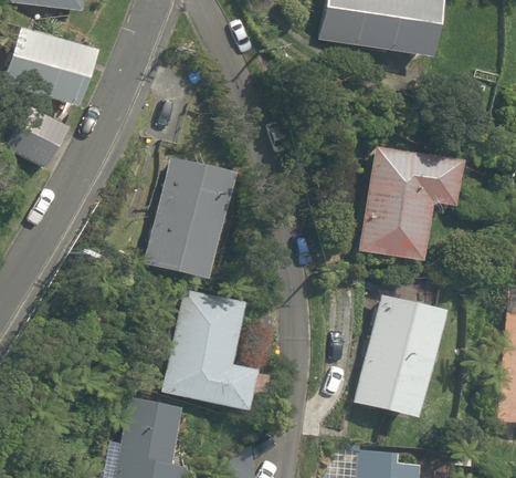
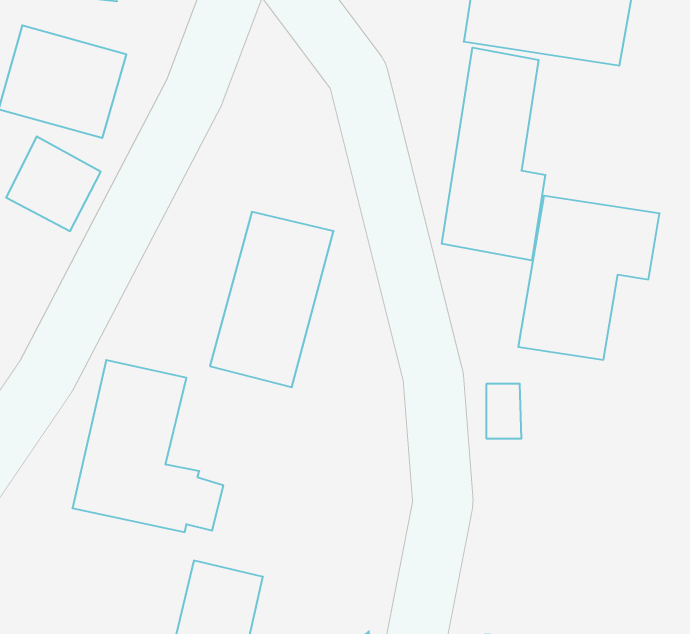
building: none -> [442,48,545,260]
building: [165,289,268,407] -> [72,360,223,532]
building: [356,293,441,414] -> none

